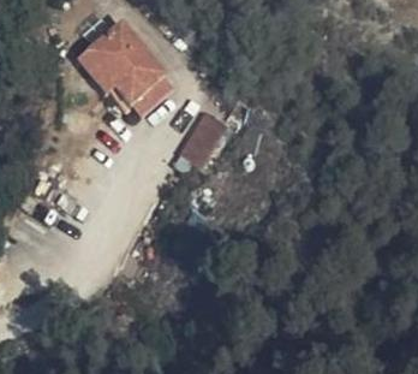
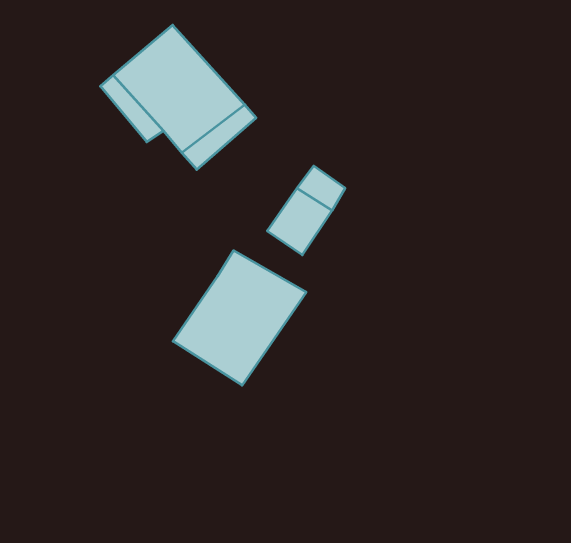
building: none -> [173,251,306,385]

